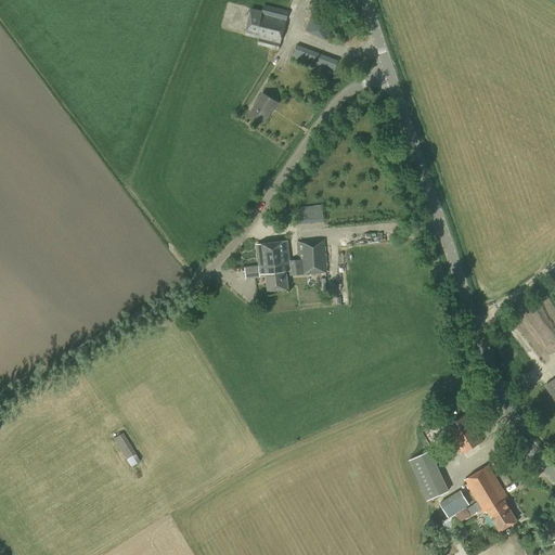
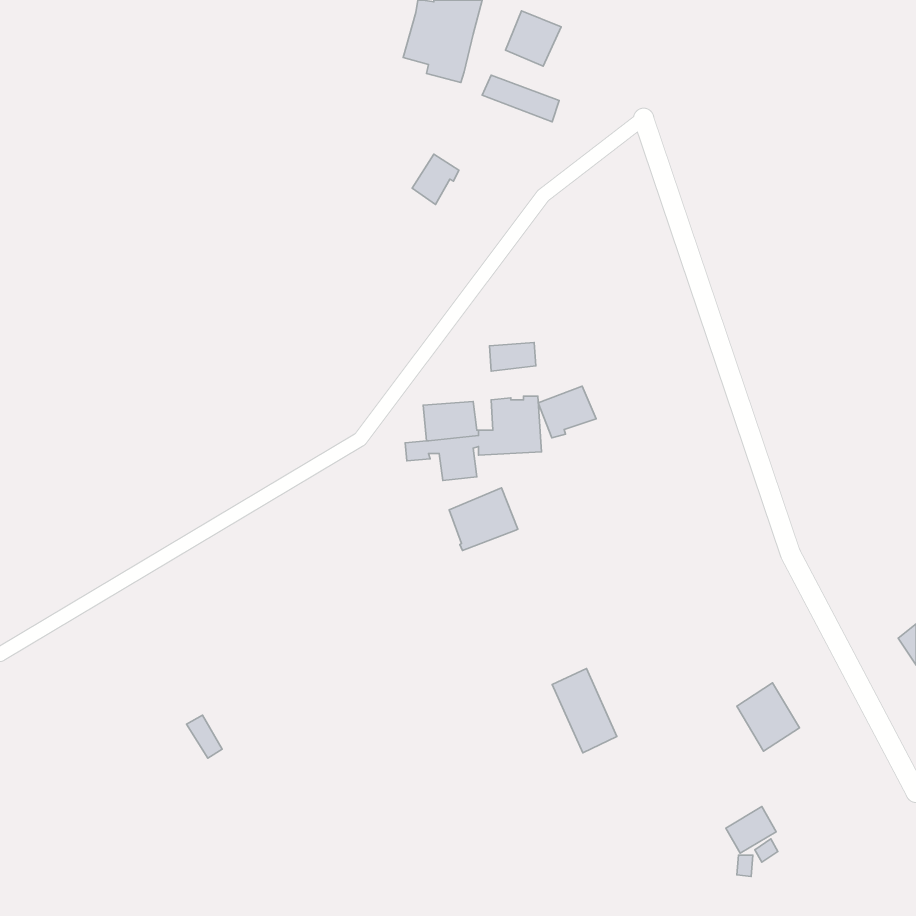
building: none -> [538,386,596,438]
building: none -> [449,488,518,550]
building: [409,448,448,499] -> [552,669,617,753]
building: [464,465,516,530] -> none

